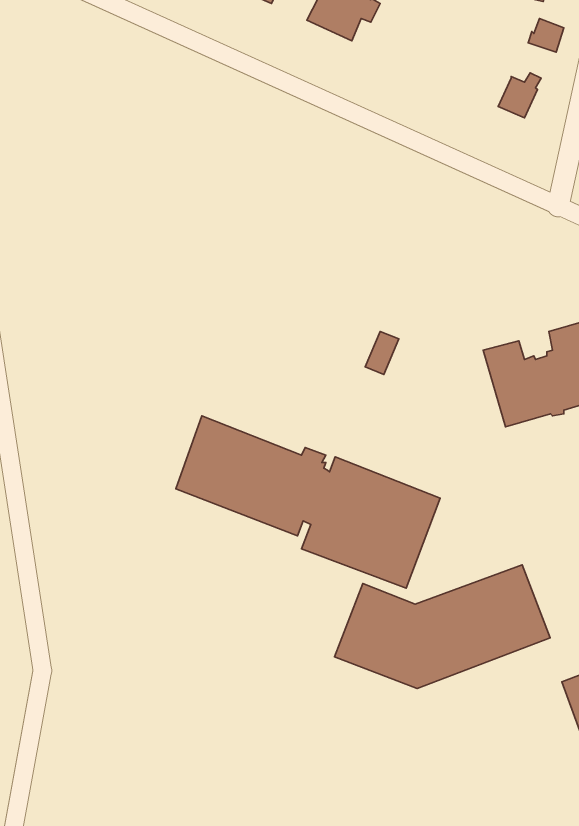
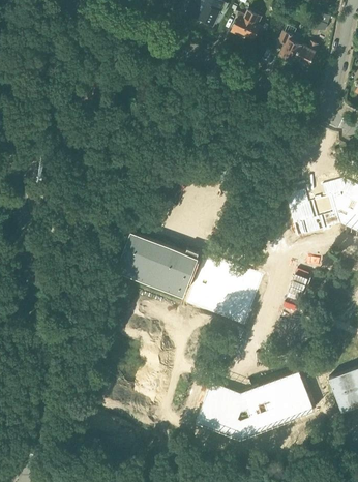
building: none -> [232,10,261,39]
building: none -> [278,31,301,61]
building: [335,565,550,689] -> [196,370,315,439]

